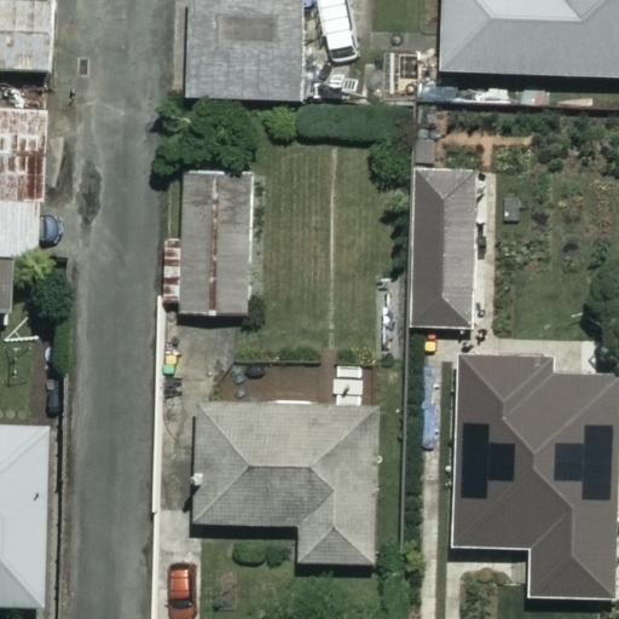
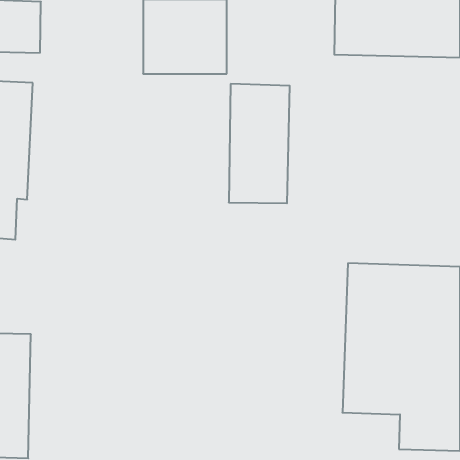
building: [164,164,249,316] -> none
building: [412,170,493,329] -> [229,84,290,203]
building: [197,405,376,563] -> none

